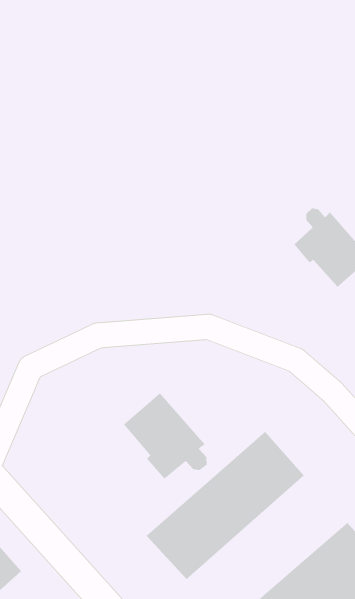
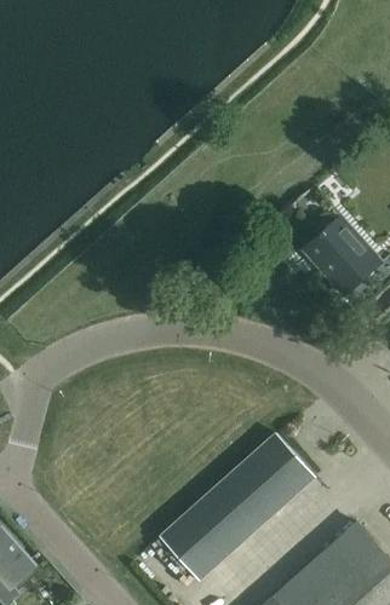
building: [123,393,207,479] -> none

